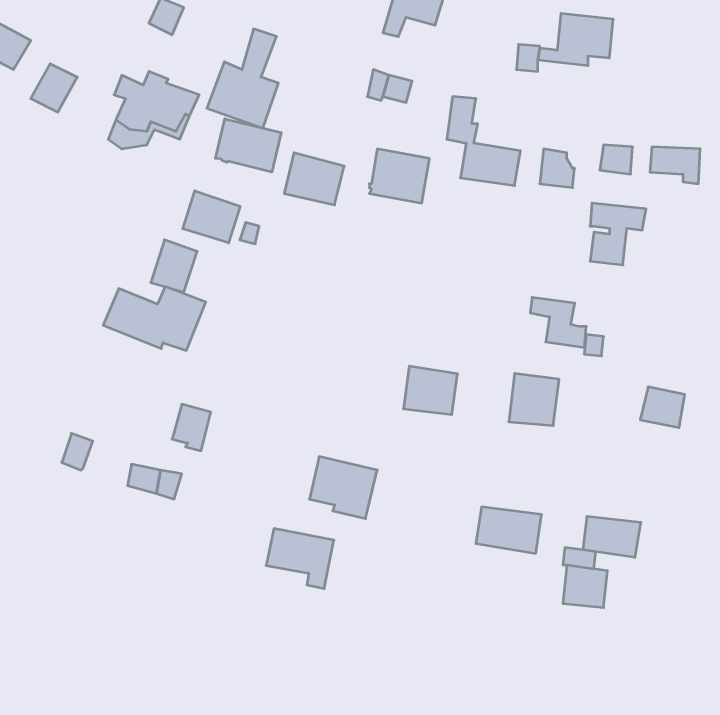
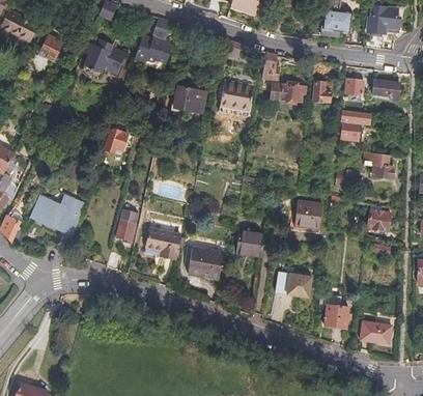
building: none -> [365,6,398,49]
building: [215,119,281,172] -> none
building: [183,191,240,243] -> none
building: [103,287,206,350] -> [30,195,85,229]
building: [530,297,586,348] -> [364,152,394,179]
building: [403,366,458,415] -> [235,231,264,257]
building: [583,517,641,557] -> [360,321,391,343]
building: [266,529,334,589] -> [143,229,179,261]

